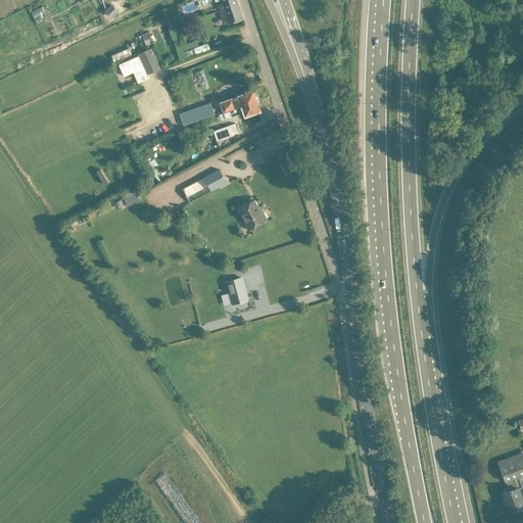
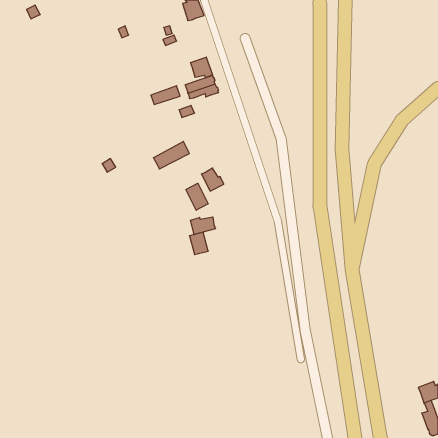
building: [120,47,161,83] -> none
building: none -> [190,57,212,78]
building: none -> [186,183,208,210]
building: none -> [190,217,216,235]

